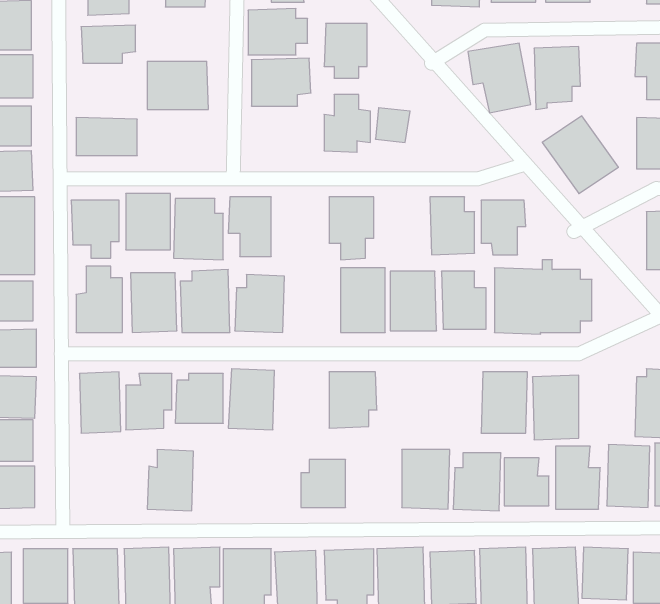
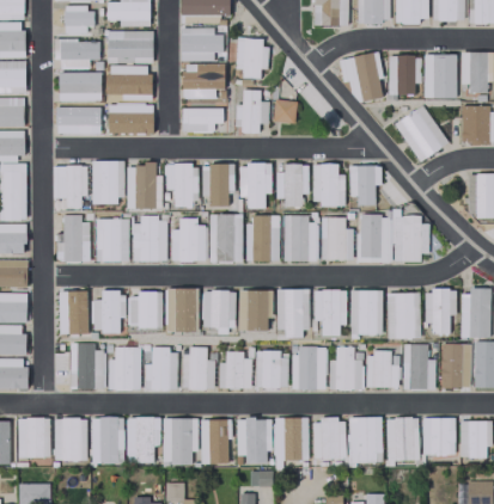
building: none -> [108,30,153,63]
building: none -> [423,54,457,98]
building: none -> [59,72,102,102]
building: none -> [108,104,153,134]
building: none -> [182,107,224,133]
building: none -> [202,164,234,207]
building: none -> [275,164,309,207]
building: none -> [209,214,243,263]
building: none -> [276,289,309,338]
building: none -> [425,289,456,334]
building: none -> [203,290,236,331]
building: none -> [313,290,347,336]
building: none -> [71,343,105,388]
building: none -> [144,349,177,389]
building: none -> [182,349,214,389]
building: none -> [255,351,288,388]

